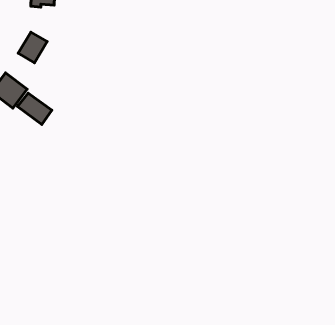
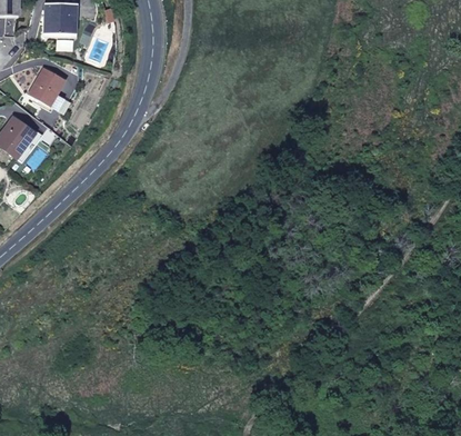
building: [18,93,52,125] -> none

